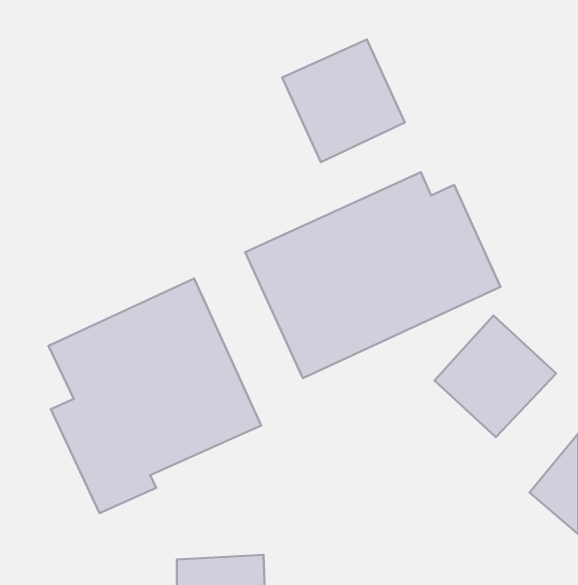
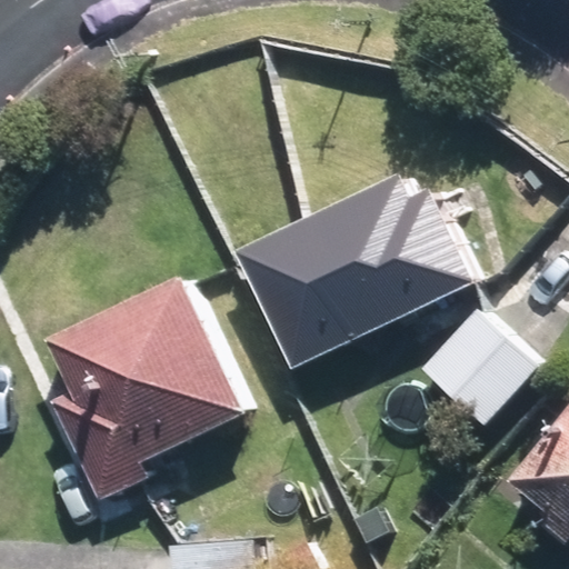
building: [282,39,405,162] -> none

